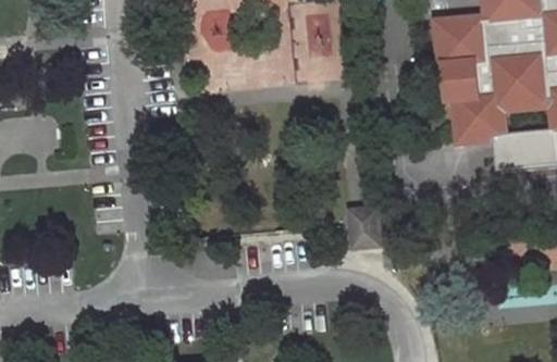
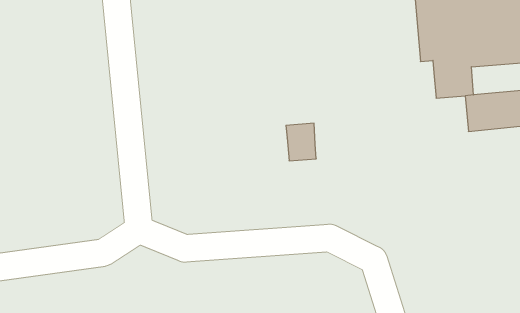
building: [347,207,379,246] -> [286,123,316,161]

